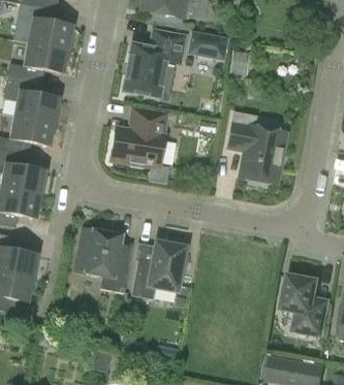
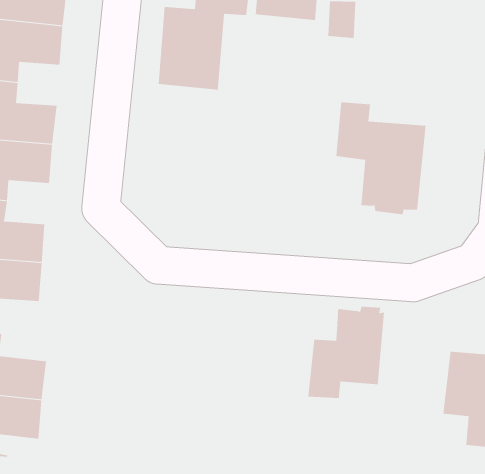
building: [111,107,166,166] -> none
building: [74,225,129,291] -> none
building: [132,240,185,296] -> [307,306,385,399]

